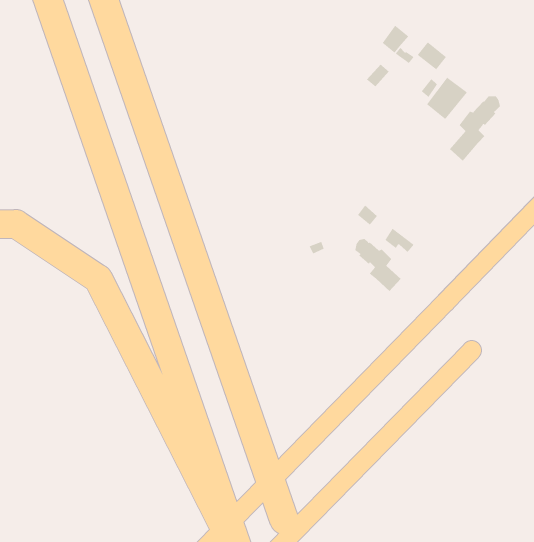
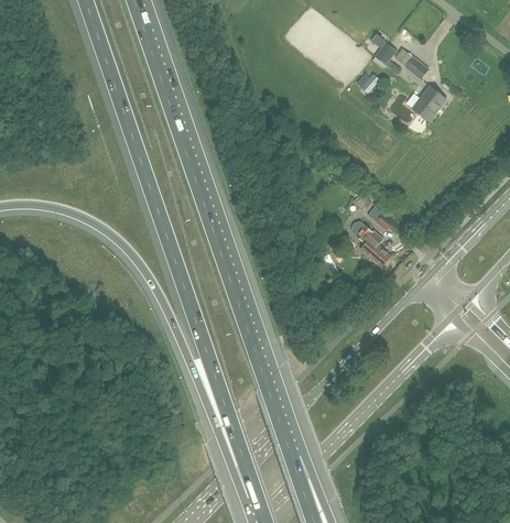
building: [449,96,500,161] -> none

